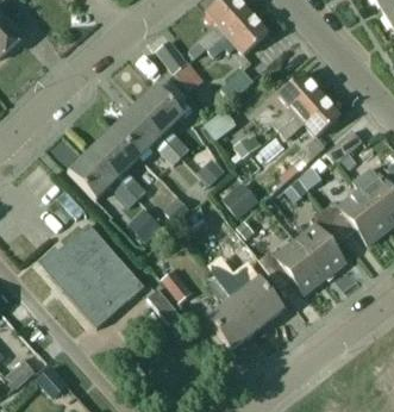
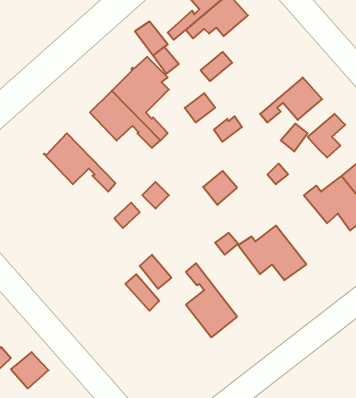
building: [271,73,320,130] -> none
building: [89,129,145,198] -> none
building: [294,210,344,277] -> none
building: [42,224,143,324] -> none
building: [215,269,282,329] -> none

